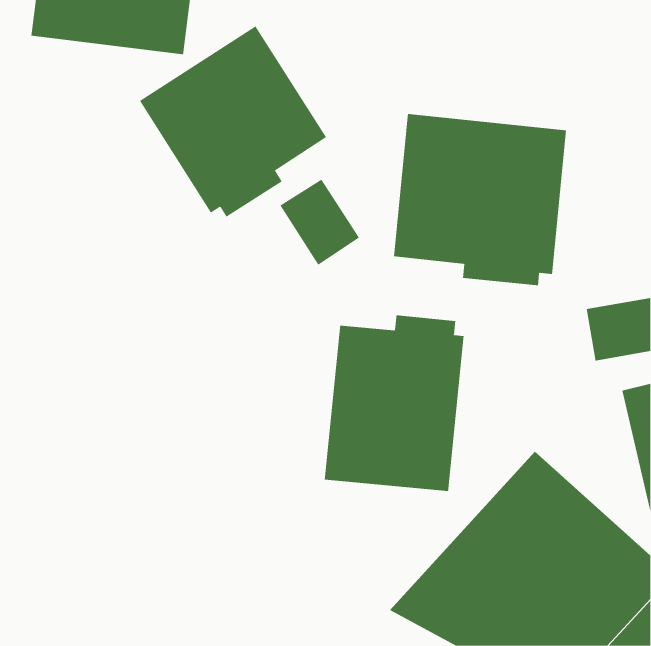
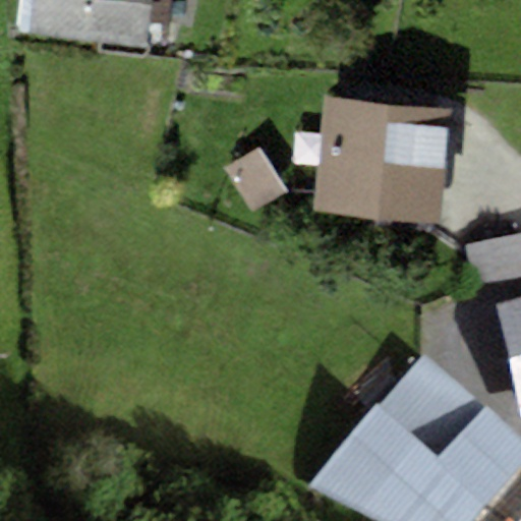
building: [139,25,327,218] -> none
building: [324,315,464,492] -> none

